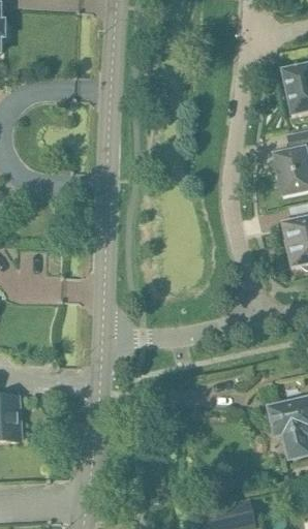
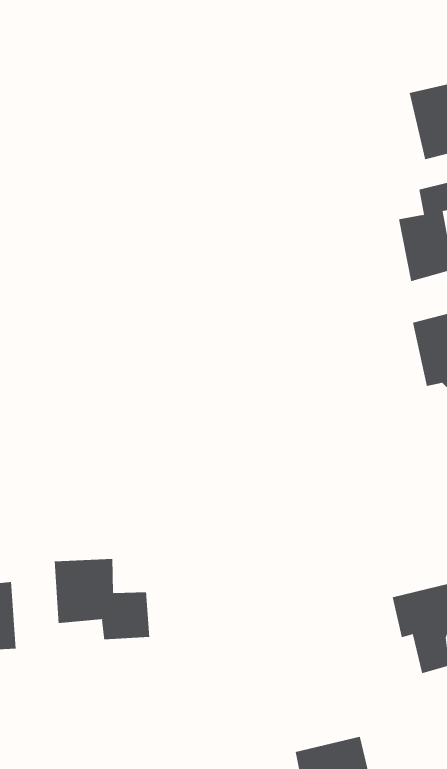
building: none -> [54,558,150,640]

